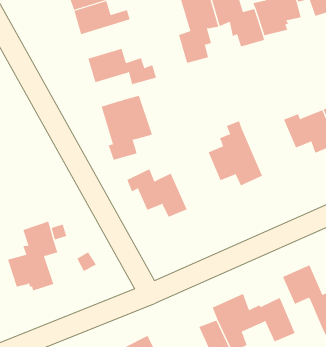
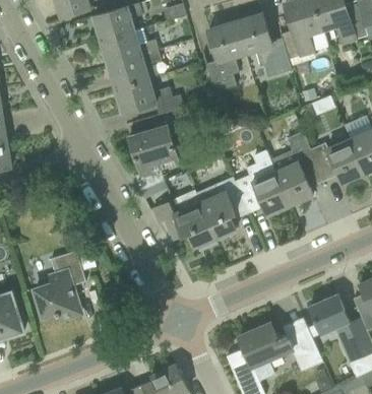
building: none -> [108,50,161,88]
building: none -> [269,132,322,205]
building: none -> [198,177,246,239]

